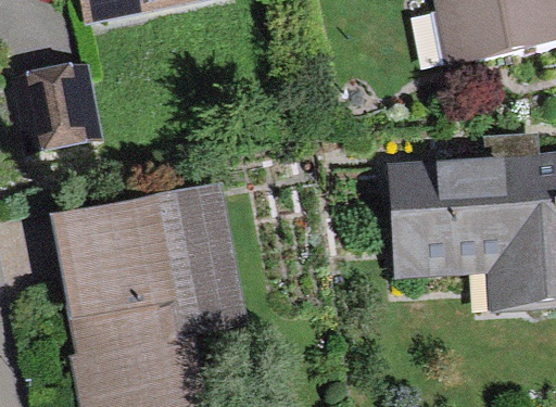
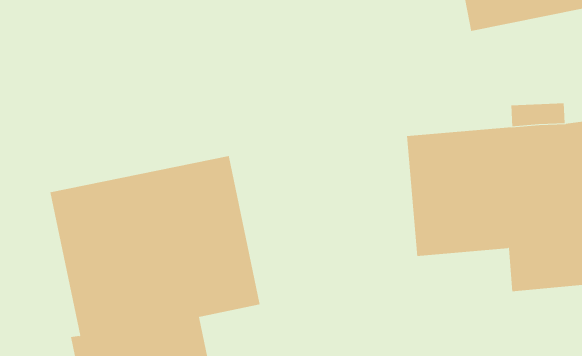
building: [11,62,104,154] -> none

